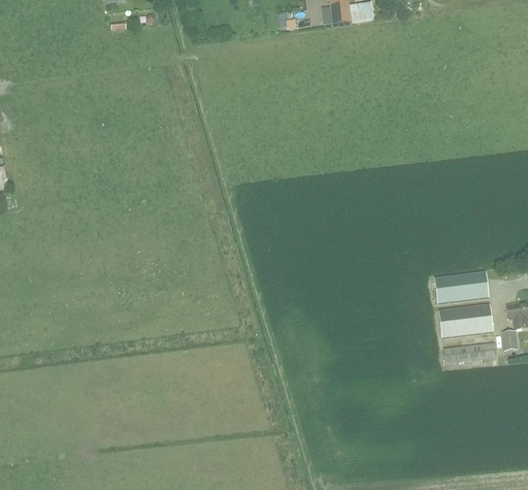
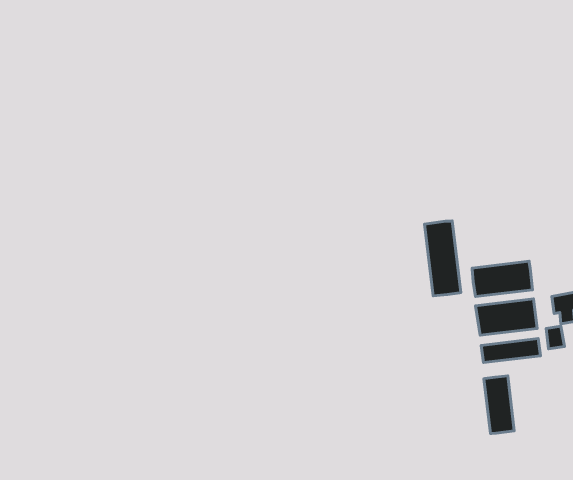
building: none -> [424,221,461,296]
building: none -> [484,376,514,434]

